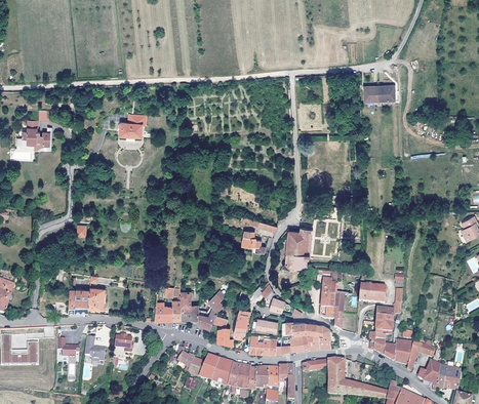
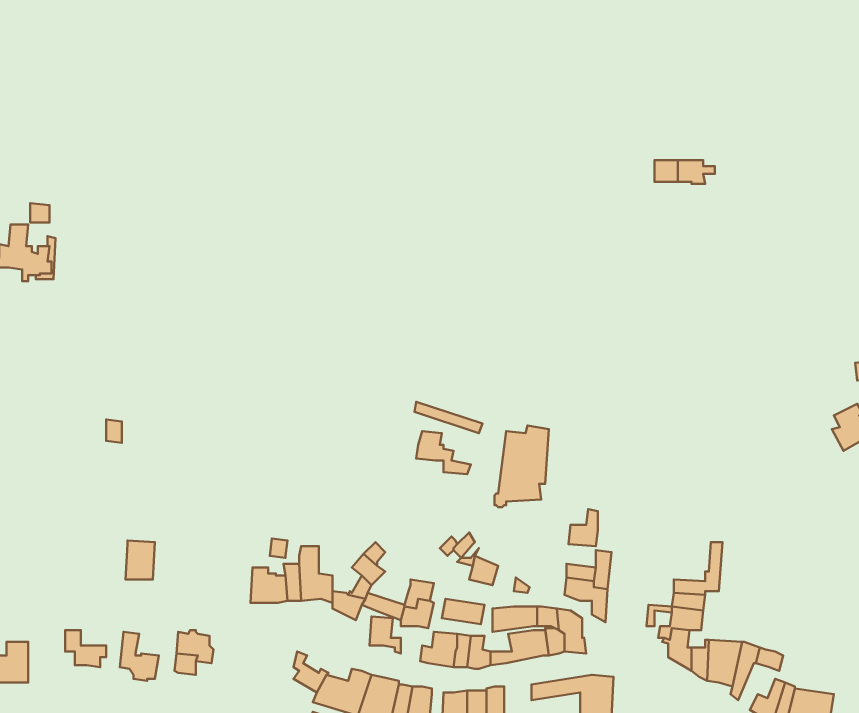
building: [120,115,144,136] -> none
building: [359,284,386,302] -> none
building: [69,288,90,311] -> none

